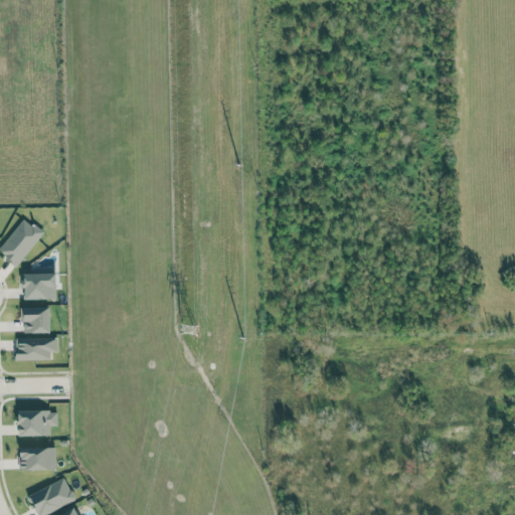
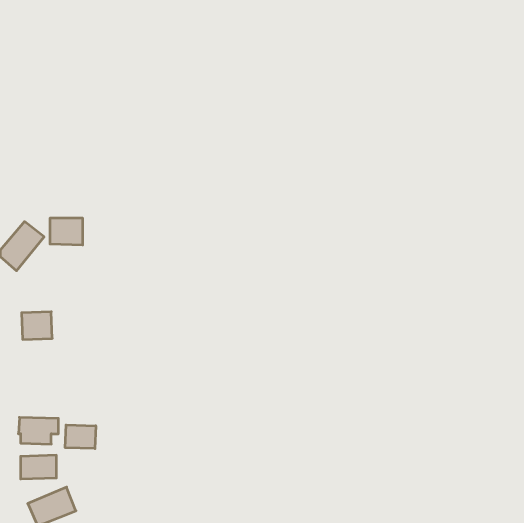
building: [24,274,56,300] -> [50,218,83,245]
building: [15,338,57,361] -> none
building: none -> [65,425,96,449]

